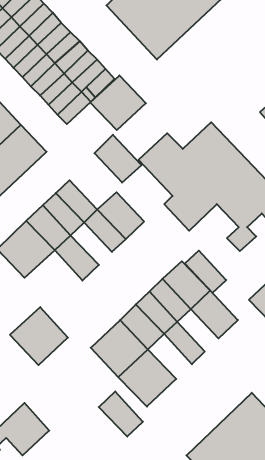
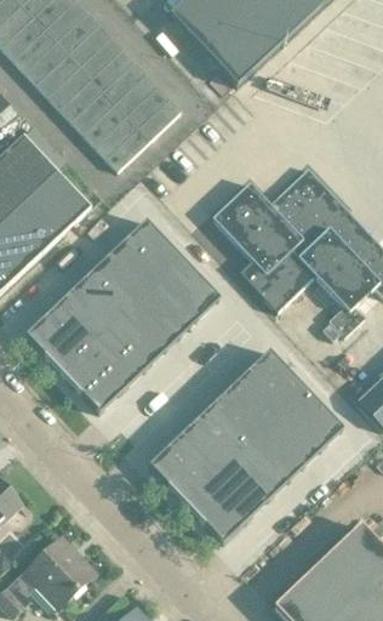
building: [90,75,146,130] -> none
building: [94,135,141,183] -> [120,220,182,283]
building: none -> [121,300,176,355]
building: [185,251,226,293] -> [262,414,316,469]
building: [10,307,68,365] -> [61,336,137,412]
building: [99,391,143,437] -> [223,446,281,506]

